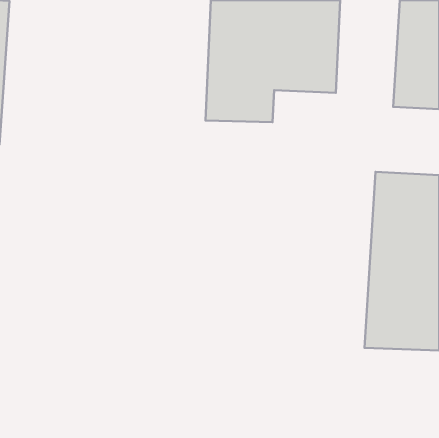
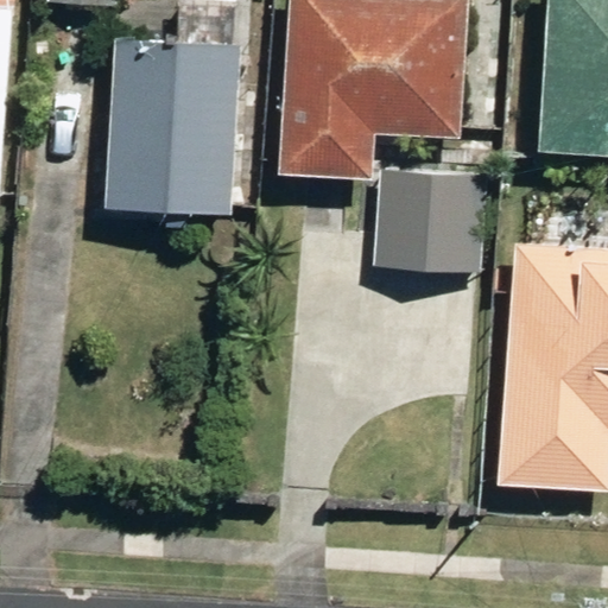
building: none -> [107,39,240,213]
building: none -> [373,170,486,272]

